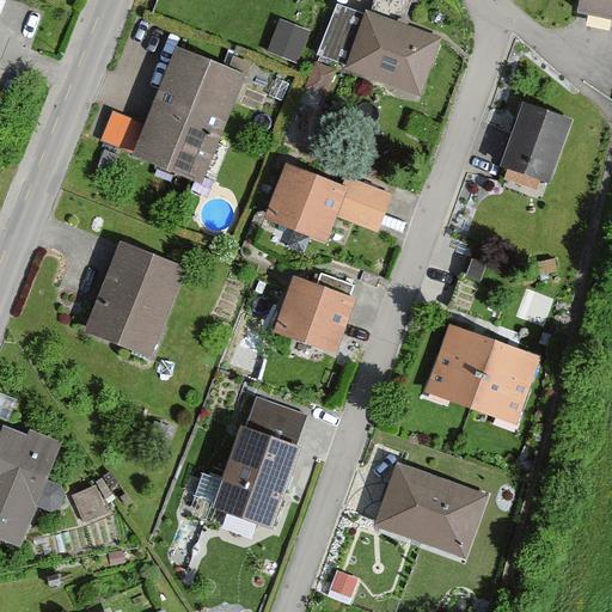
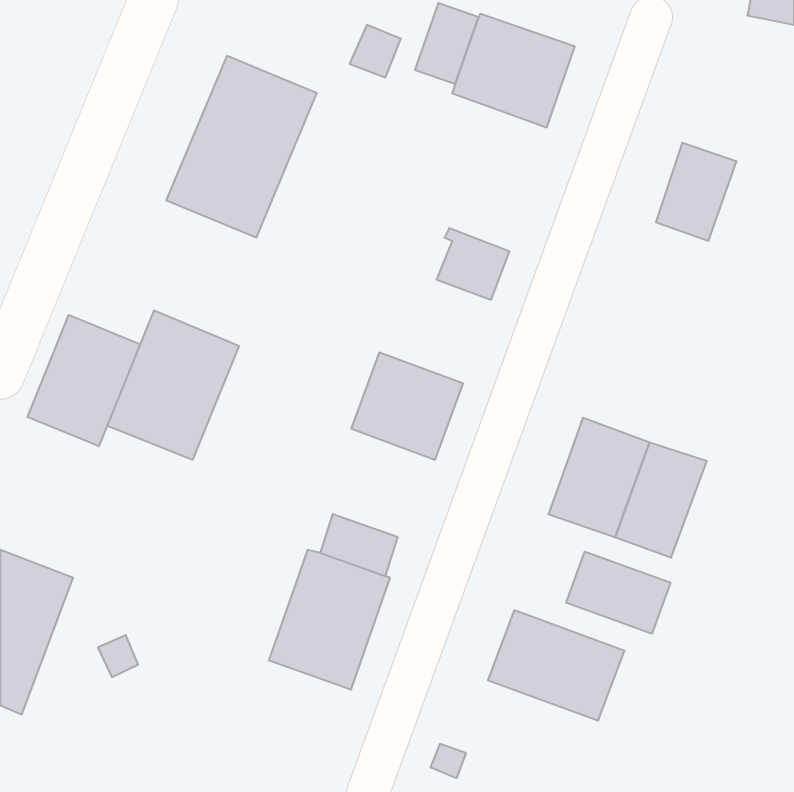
building: [263,161,348,241] -> none
building: none -> [27,315,140,446]
building: none -> [566,552,670,634]

